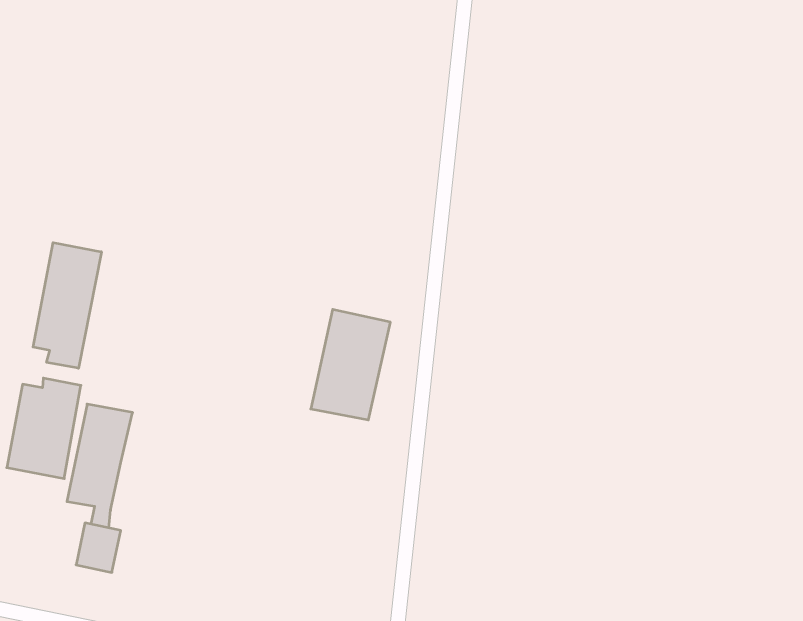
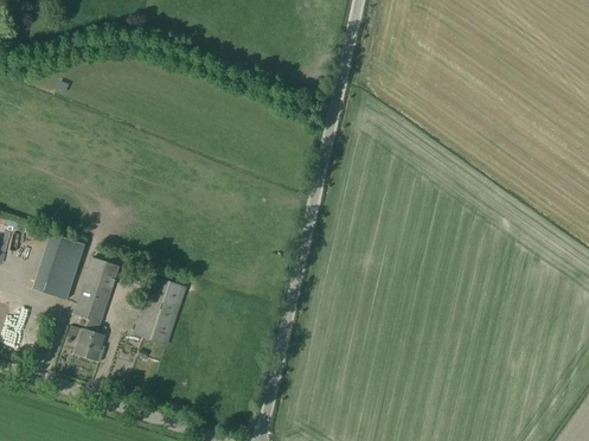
building: [33,243,101,368] -> none
building: [311,309,390,420] -> [132,275,186,345]

